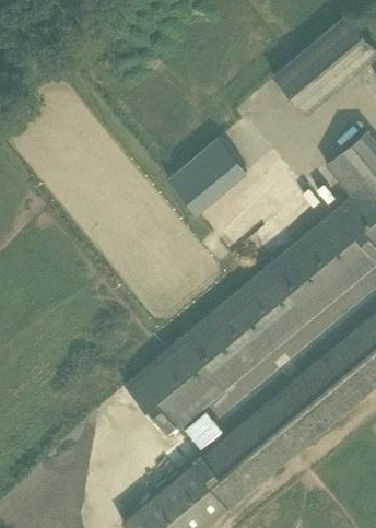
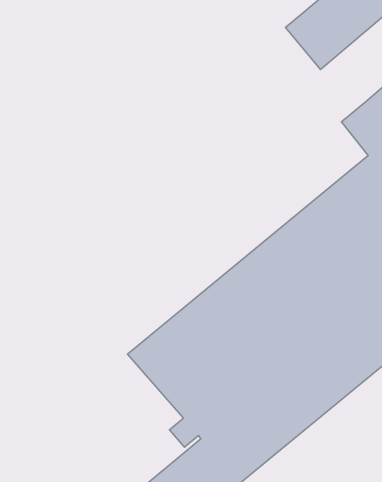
building: [168,136,249,214] -> none

